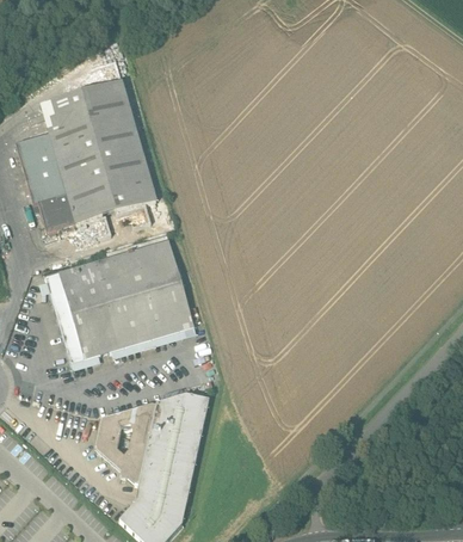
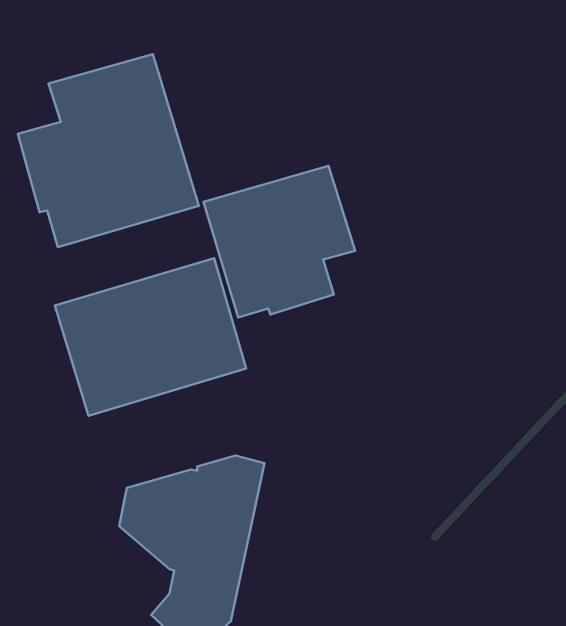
building: none -> [204,166,355,318]

